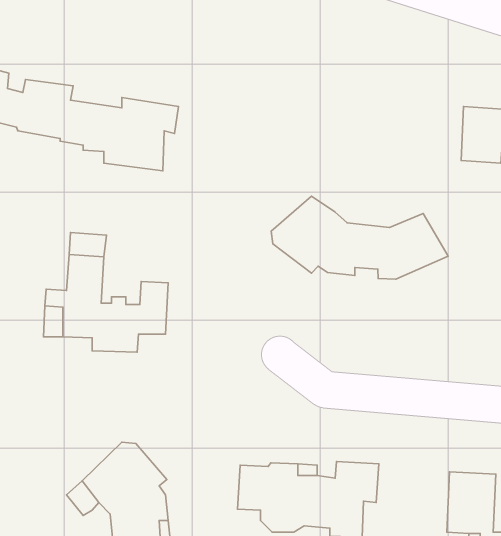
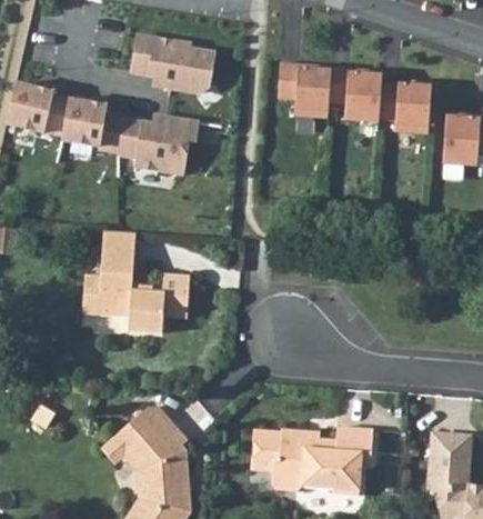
building: none -> [128,31,218,91]
building: none -> [276,64,431,136]
building: [271,196,448,279] -> none

